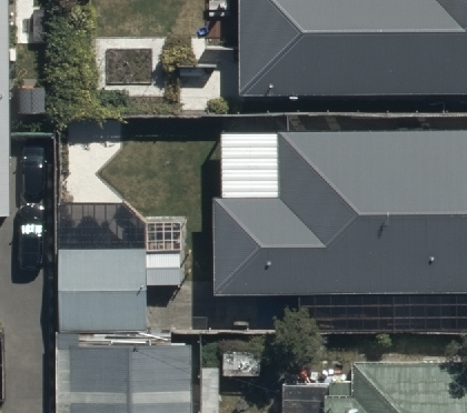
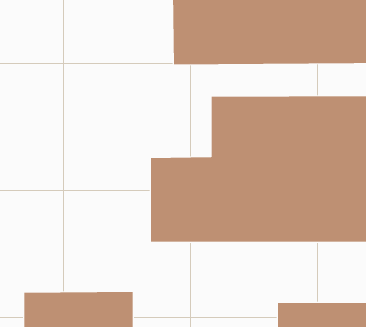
building: [57,254,143,336] -> none

